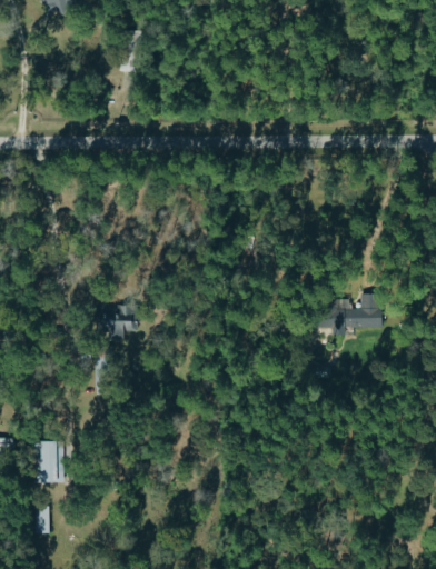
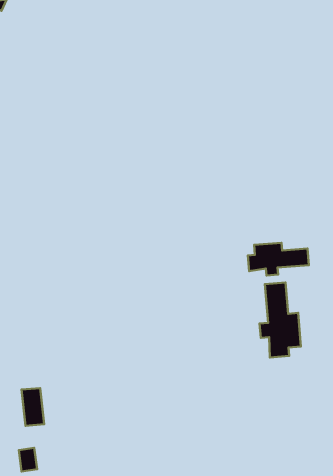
building: [103,305,137,341] -> none
building: none -> [259,283,301,358]

